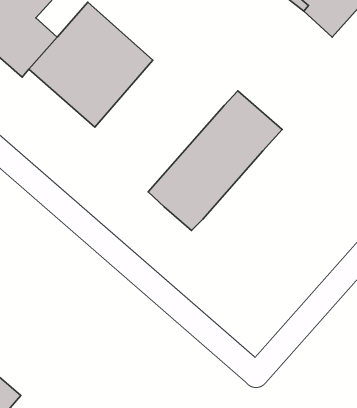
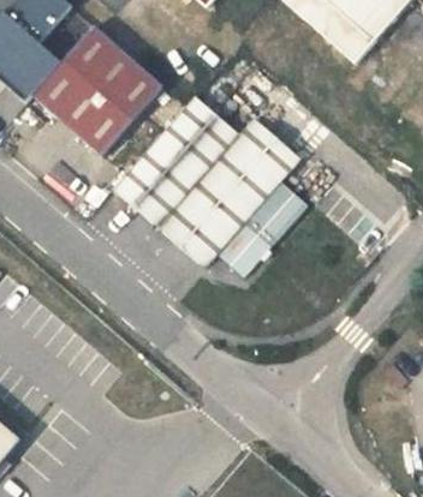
building: none -> [114,95,239,224]
building: none -> [216,181,308,276]

